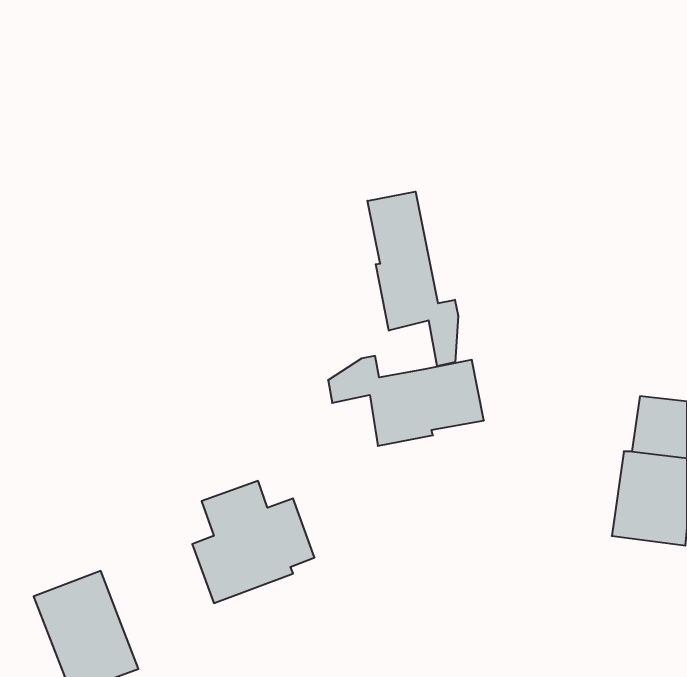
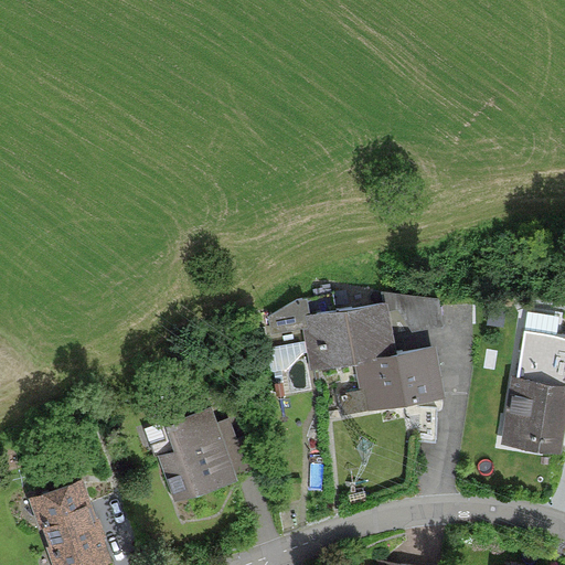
building: [367,192,458,366] -> none
building: none -> [338,345,445,419]

